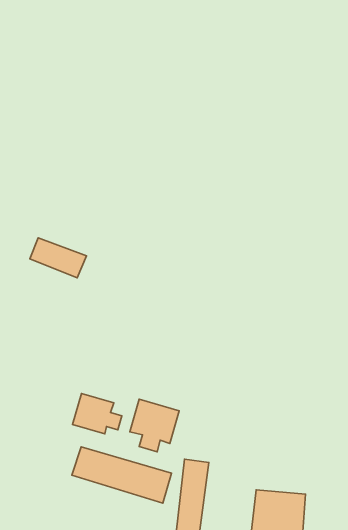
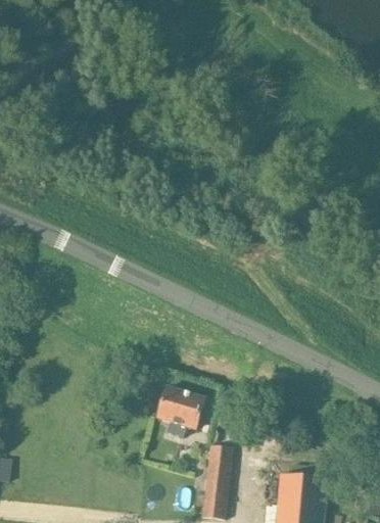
building: [72,393,122,434] -> none
building: [72,447,171,503] -> none

